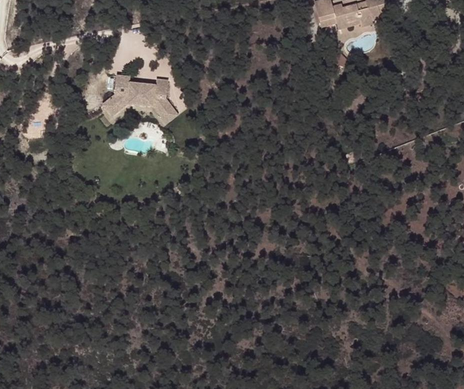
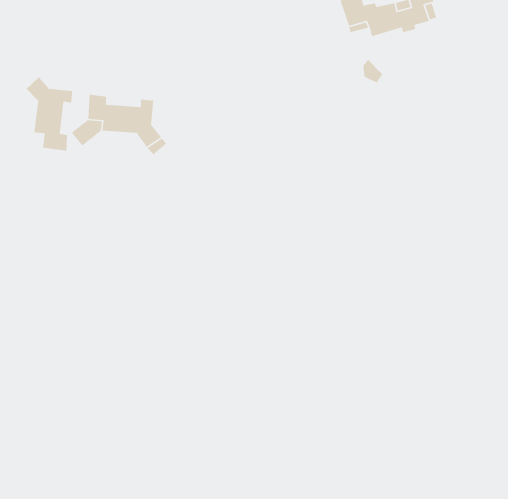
building: none -> [26,76,73,152]

